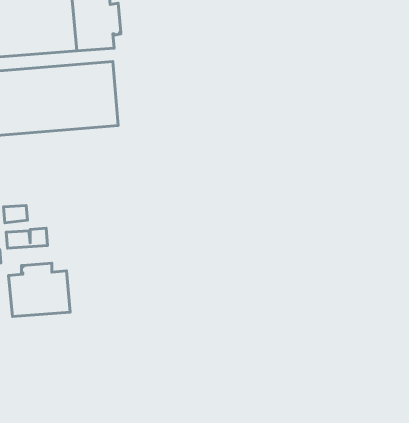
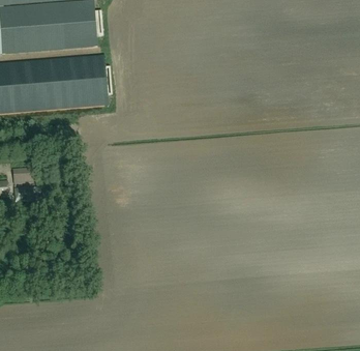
building: [8,263,70,317] -> none

